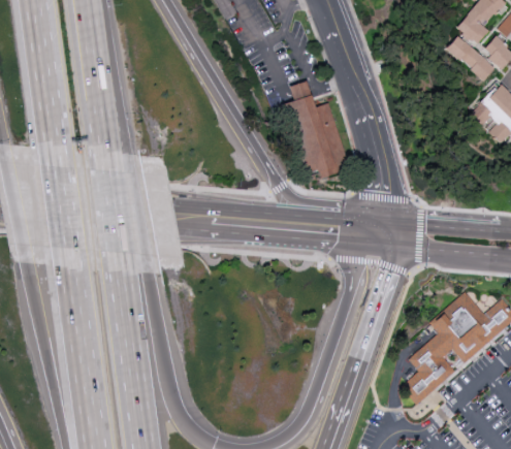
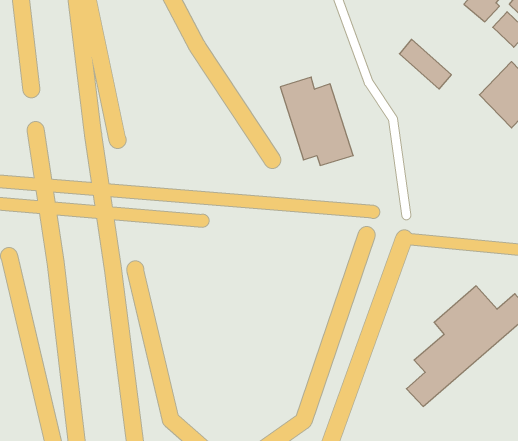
building: [447,34,496,81] -> [399,39,451,89]

